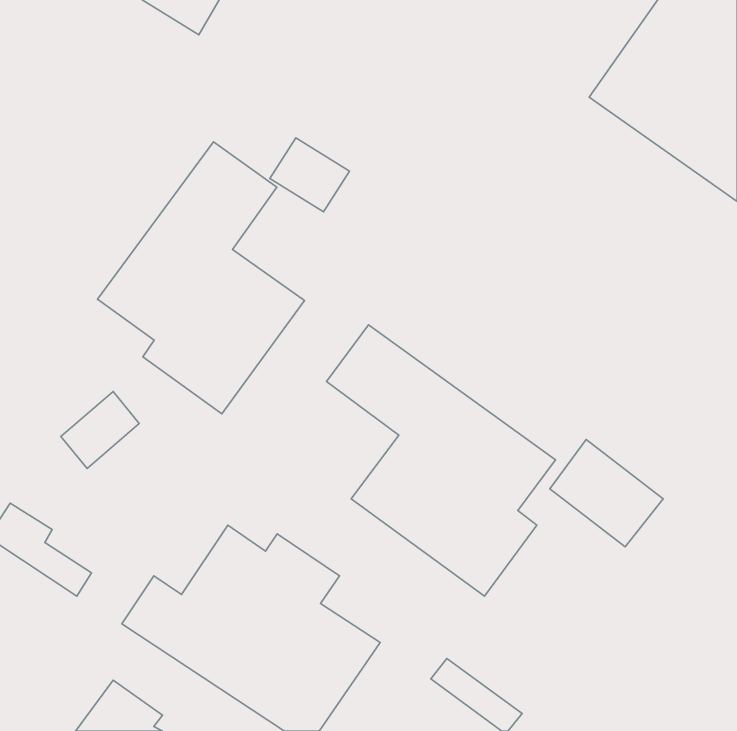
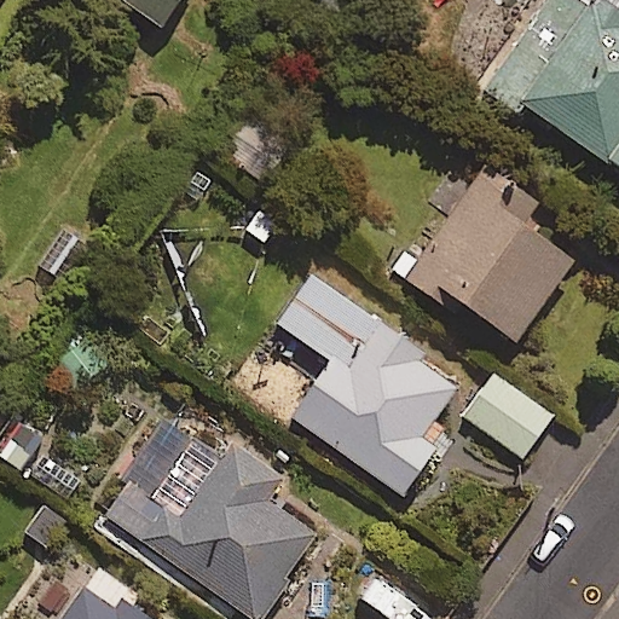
building: [97,142,304,414] -> none
building: none -> [412,170,571,346]

